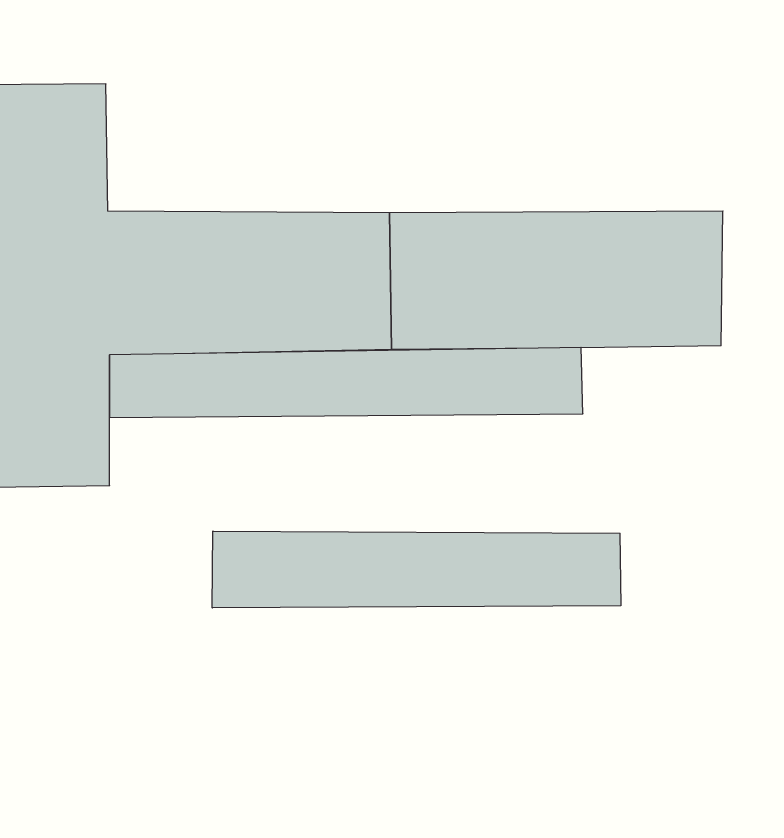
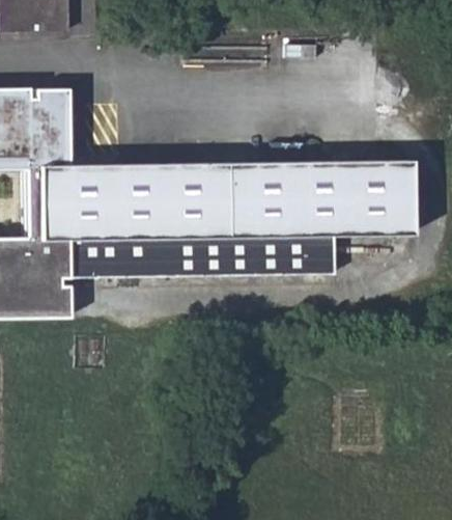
building: [212,531,621,608] -> none

